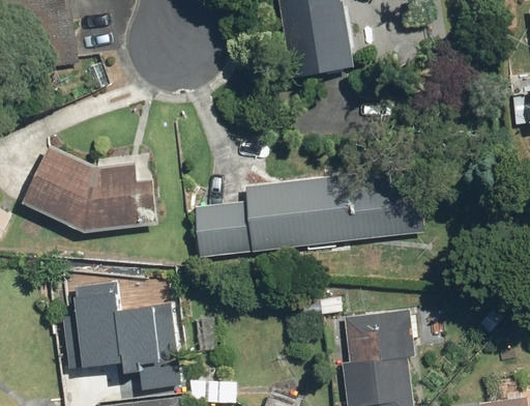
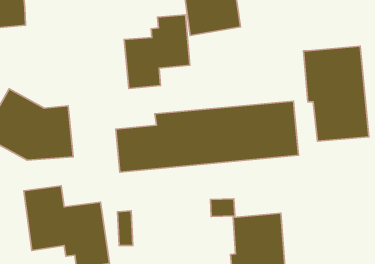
building: none -> [124,15,190,89]
building: none -> [303,46,369,141]

